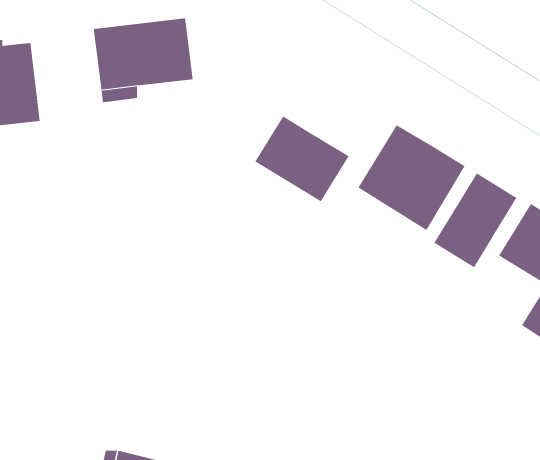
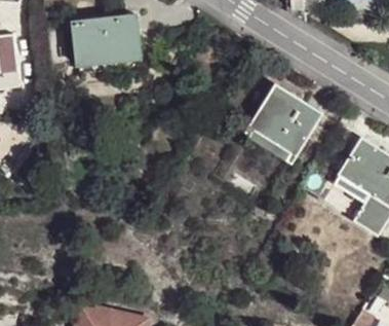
building: [254,115,350,202] -> none
building: [434,172,517,268] -> none

